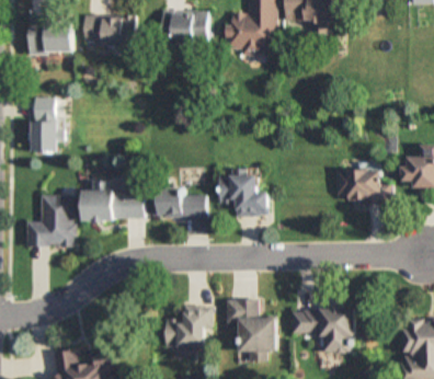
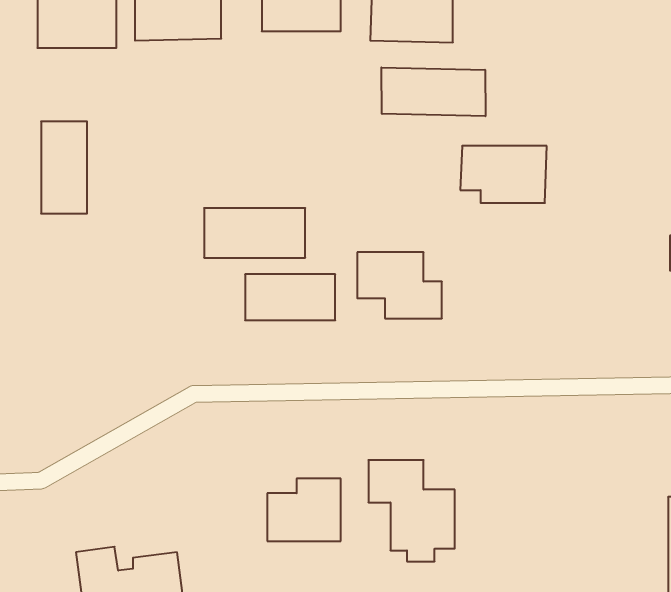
building: none -> [381,67,485,116]
building: [336,170,388,204] -> [460,146,547,203]
building: [83,191,144,220] -> [204,208,305,258]
building: [25,194,73,248] -> none
building: [289,308,354,352] -> none

